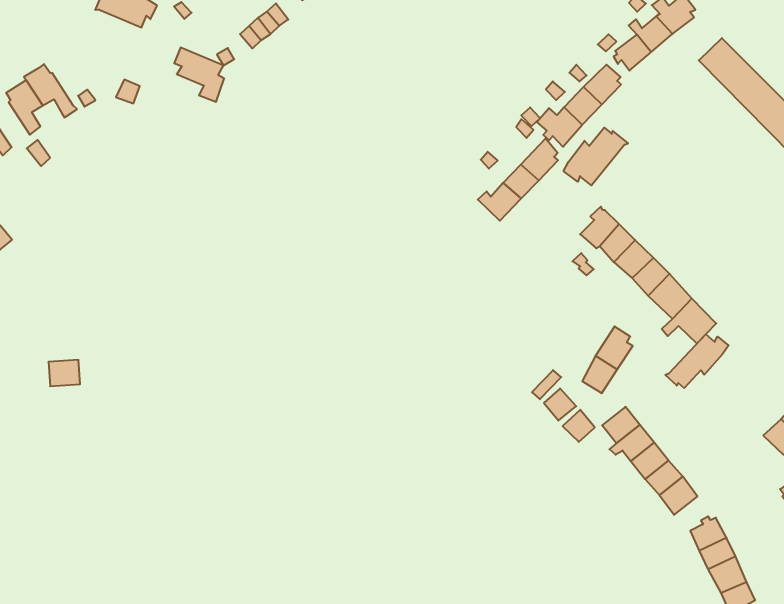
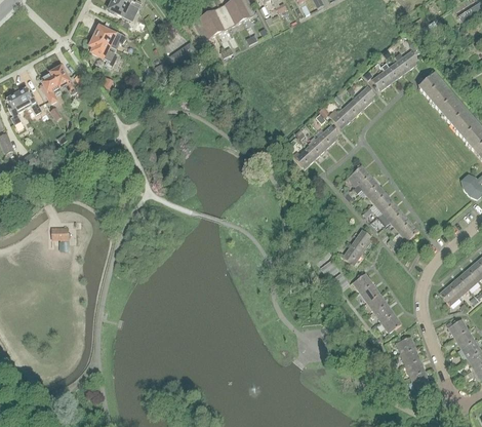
building: [174,47,224,102] -> [89,37,116,68]
building: [564,128,628,185] -> none
building: [665,334,729,388] -> none

